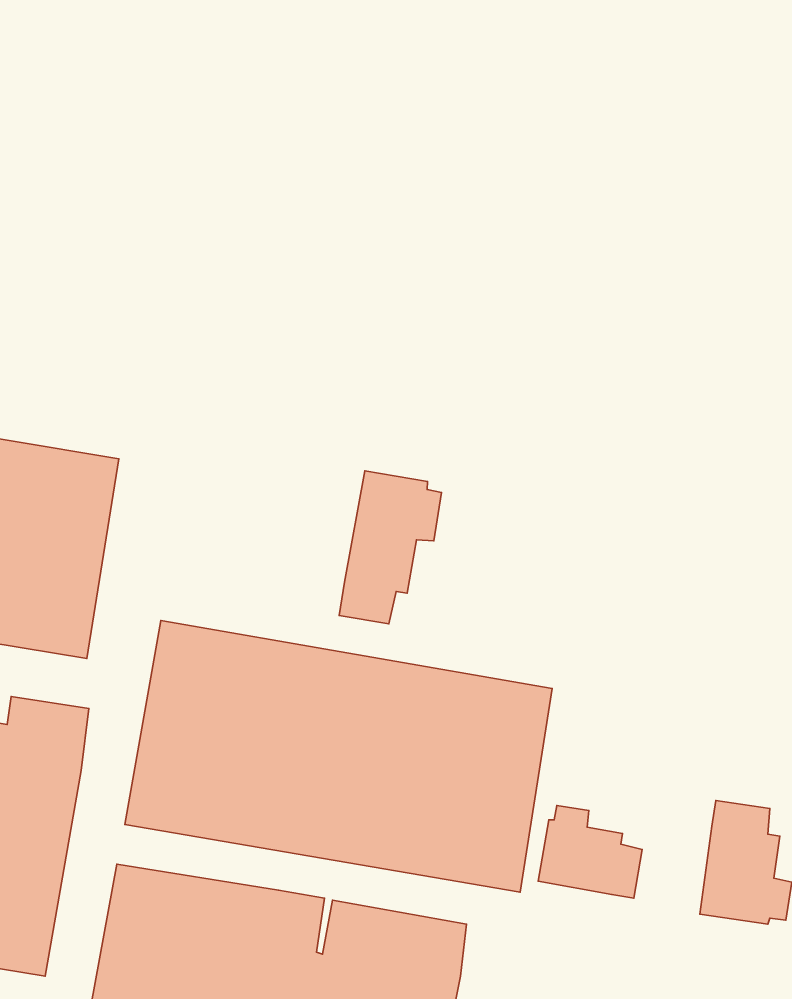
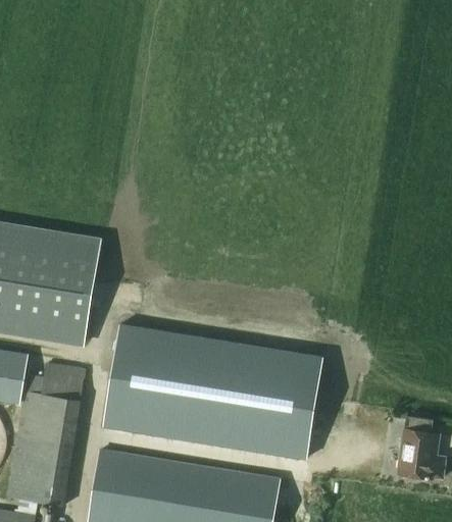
building: [339,471,442,624] -> none
building: [538,805,642,898] -> none

